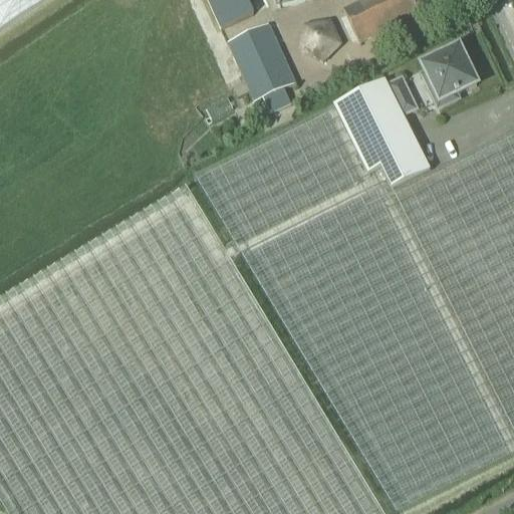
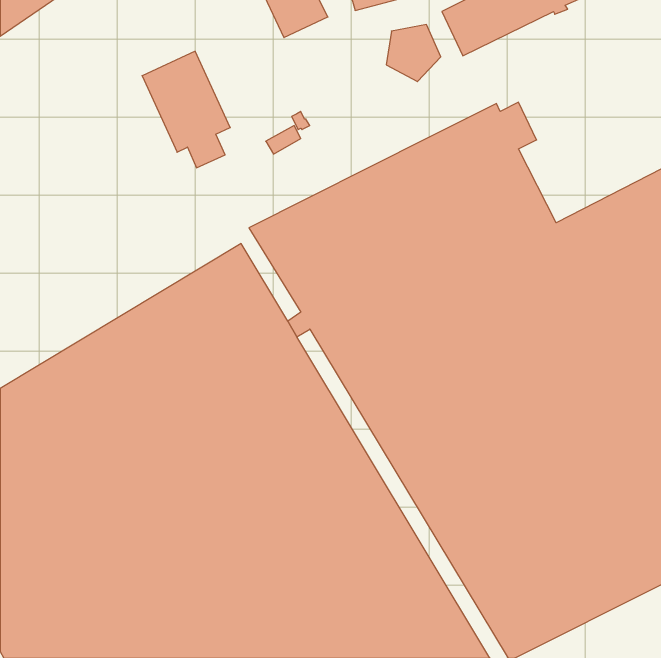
building: [228,24,296,114] -> [142,51,230,168]
building: [424,49,477,108] -> none

